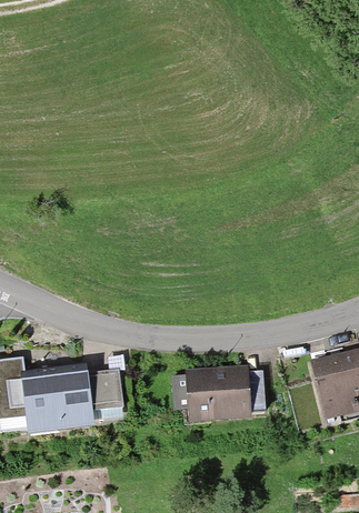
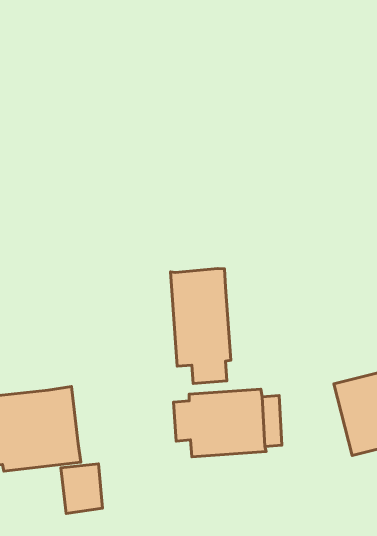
building: none -> [170,268,231,384]
building: [88,369,123,411] -> [61,464,103,513]

